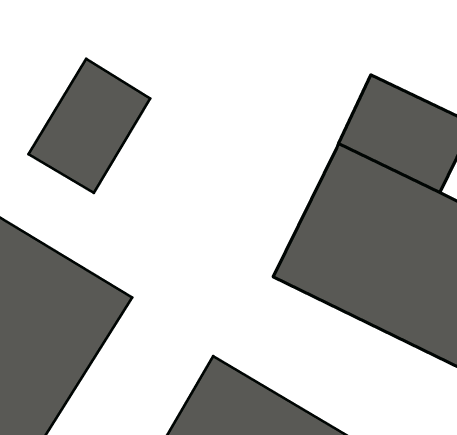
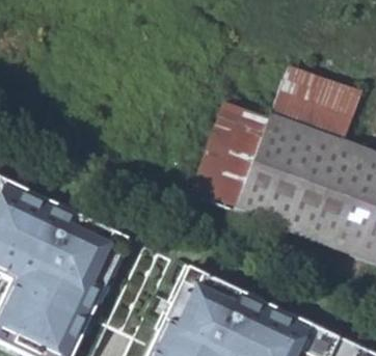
building: [29,59,150,193] -> none
building: none -> [187,102,267,213]

